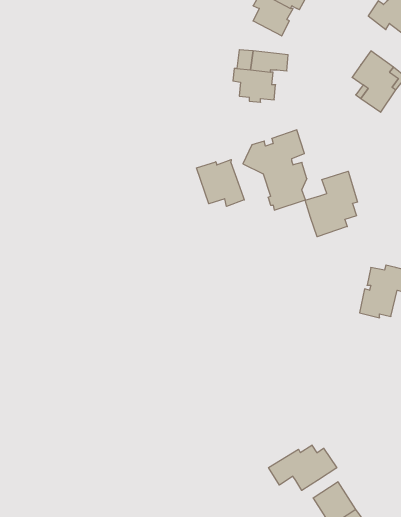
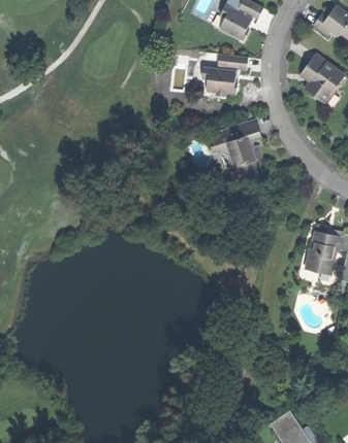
building: [197,160,244,206] -> none
building: [305,171,357,237] -> none
building: [269,445,337,490] -> none

